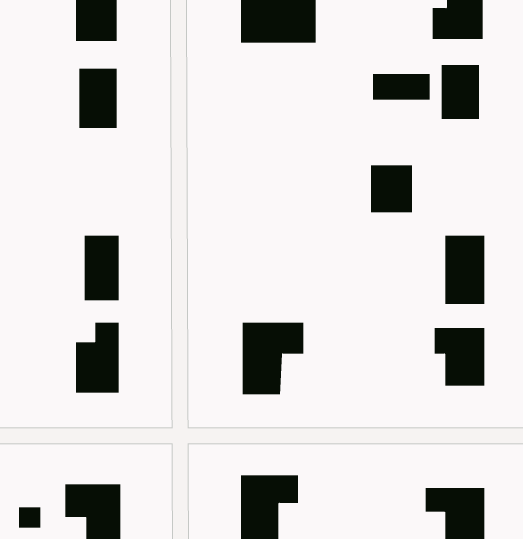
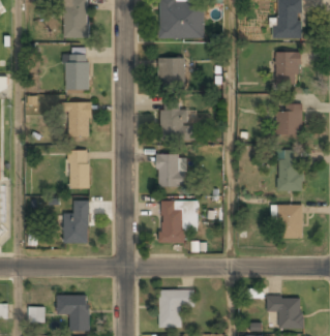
building: [372,73,430,101] -> none
building: none -> [158,58,185,89]
building: none -> [67,102,91,136]
building: none -> [160,106,188,141]
building: [370,165,413,213] -> [276,106,301,134]
building: none -> [156,155,185,187]

